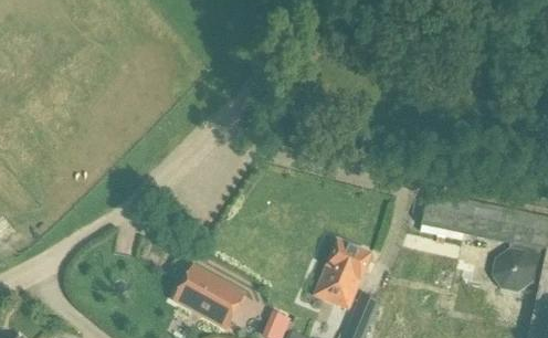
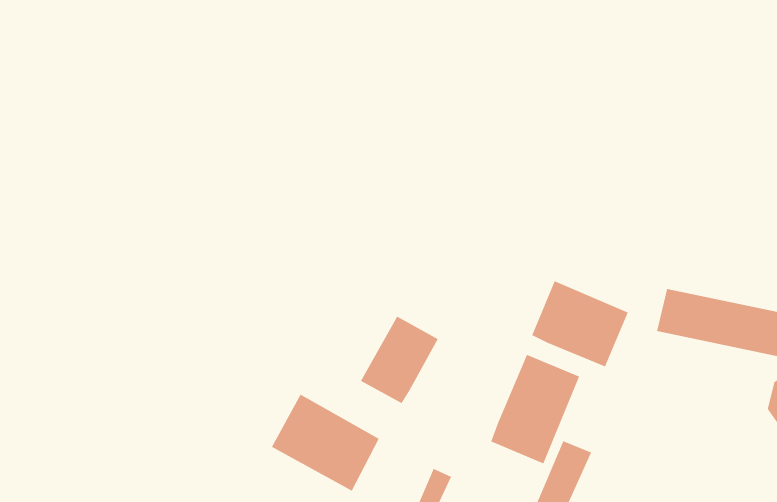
building: none -> [531,280,629,367]
building: none -> [360,315,439,404]

